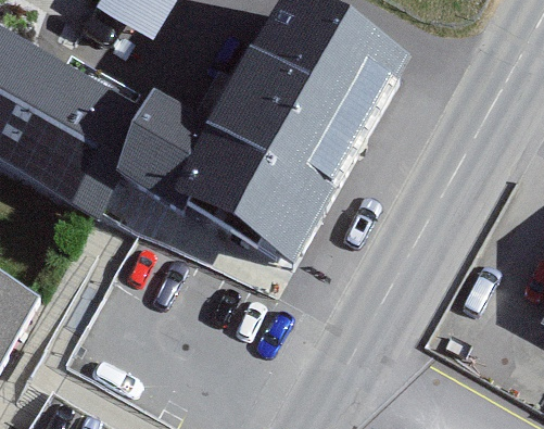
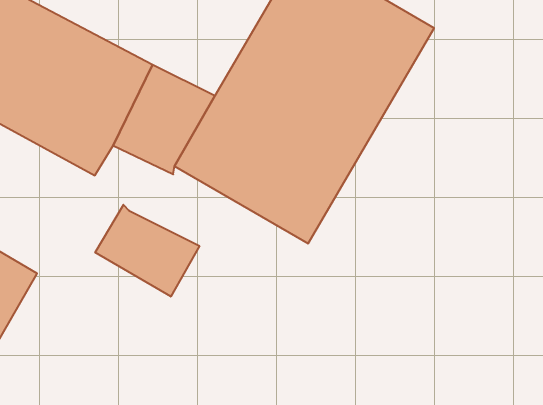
building: none -> [95,205,199,297]

